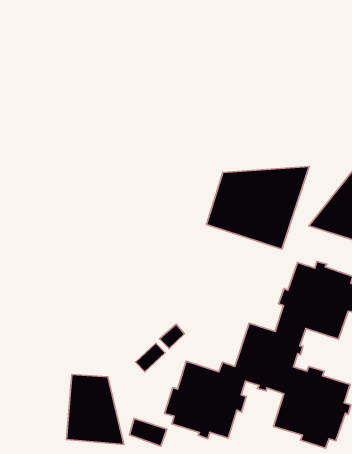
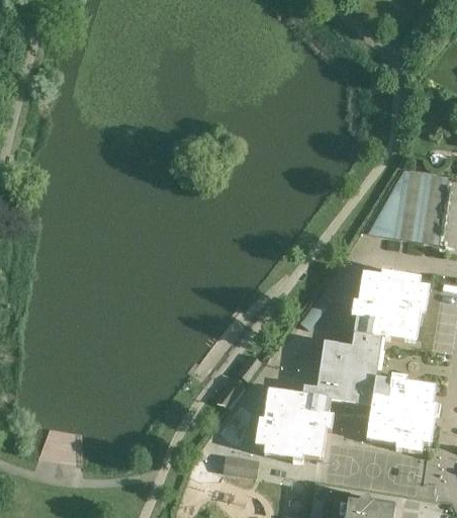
building: [207,167,309,249] -> none
building: [67,374,124,445] -> none

